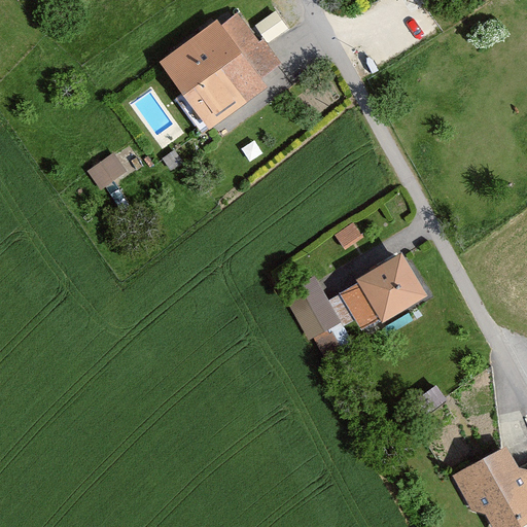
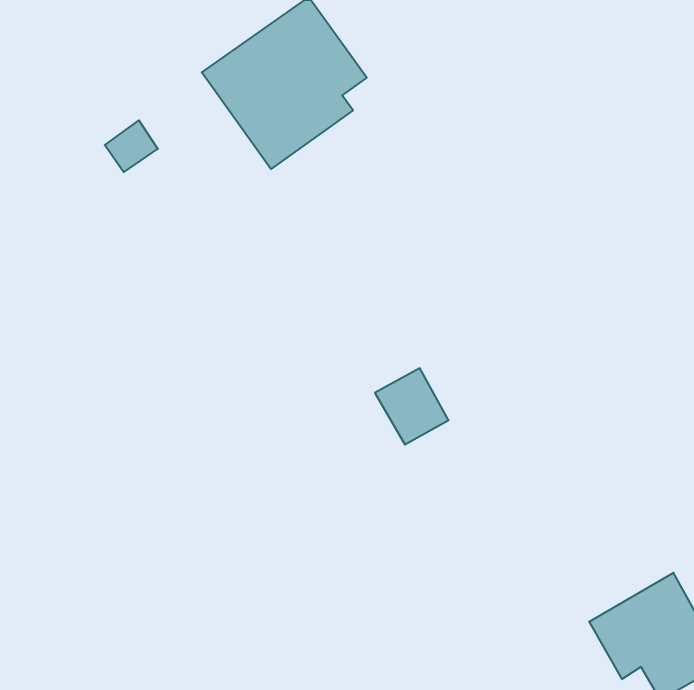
building: [90,151,130,190] -> [105,120,158,172]
building: [339,254,428,335] -> none

